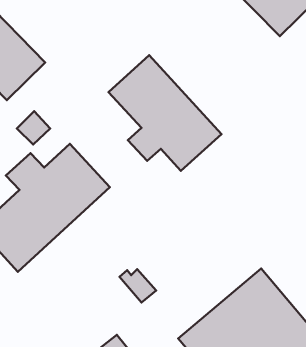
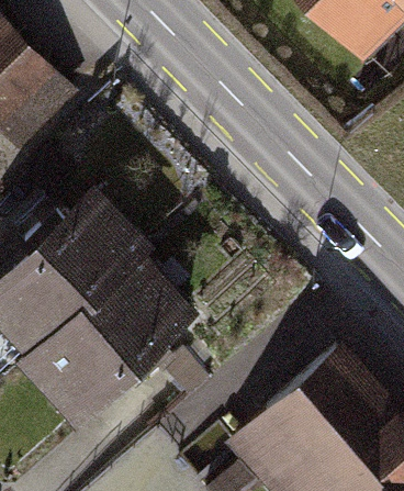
building: [109,55,221,171] -> none
building: none -> [21,259,191,424]

